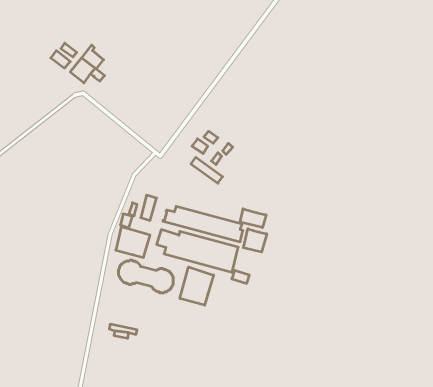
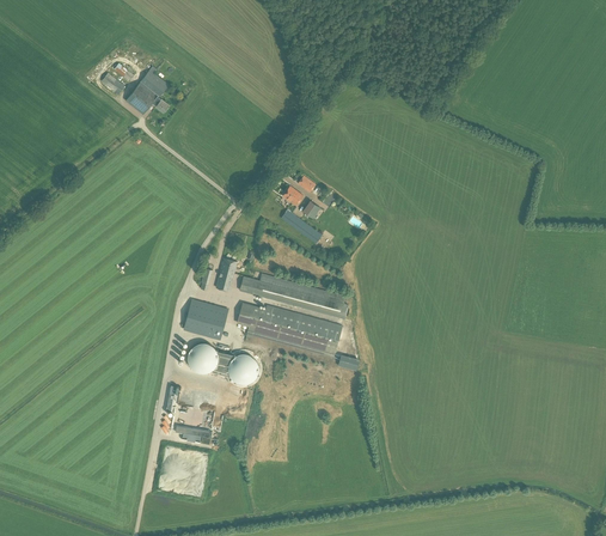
building: [240,209,266,228] -> none
building: [243,229,267,252] -> none
building: [180,267,214,305] -> none

